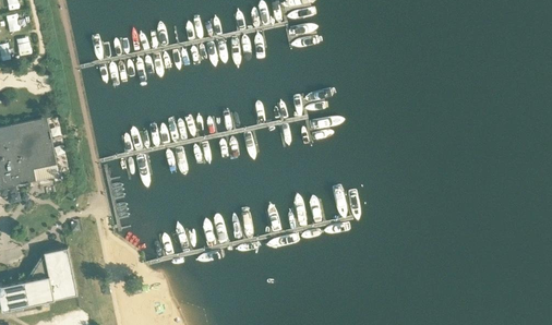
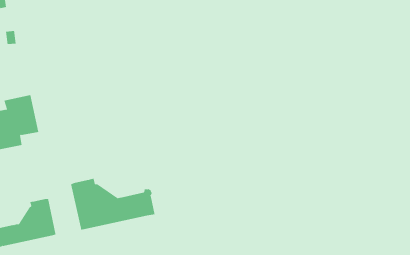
building: none -> [71,178,155,231]

